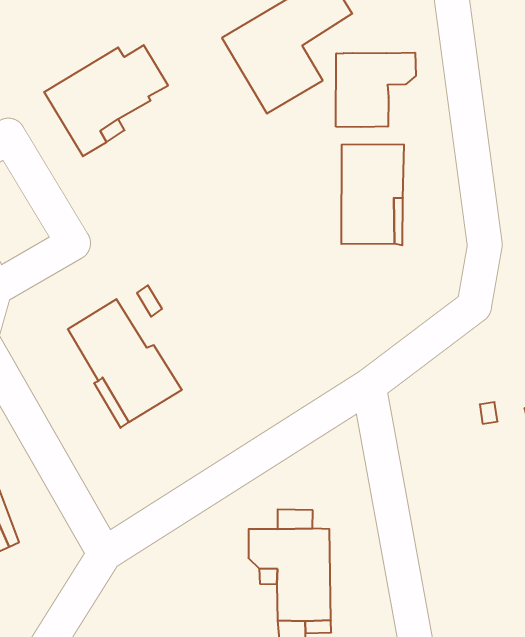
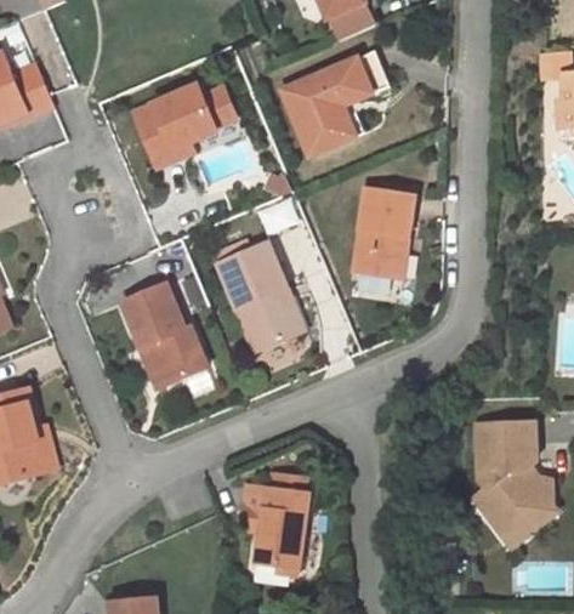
building: [336,53,416,127] -> none
building: none -> [218,243,299,349]

